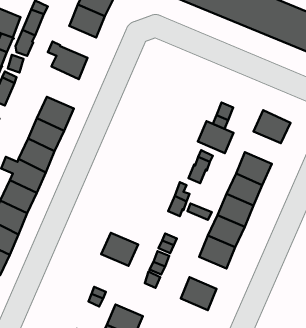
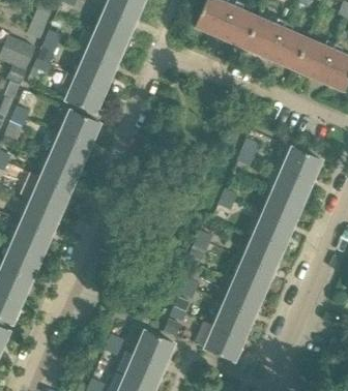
building: none -> [69,53,112,92]
building: none -> [59,111,97,146]
building: [198,121,234,153] -> [270,171,309,205]
building: [101,233,138,266] -> [133,332,172,367]
building: none -> [211,304,251,338]

